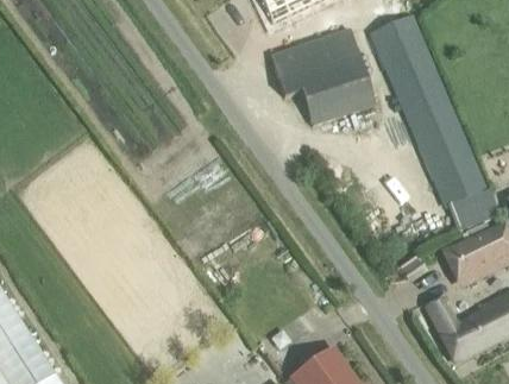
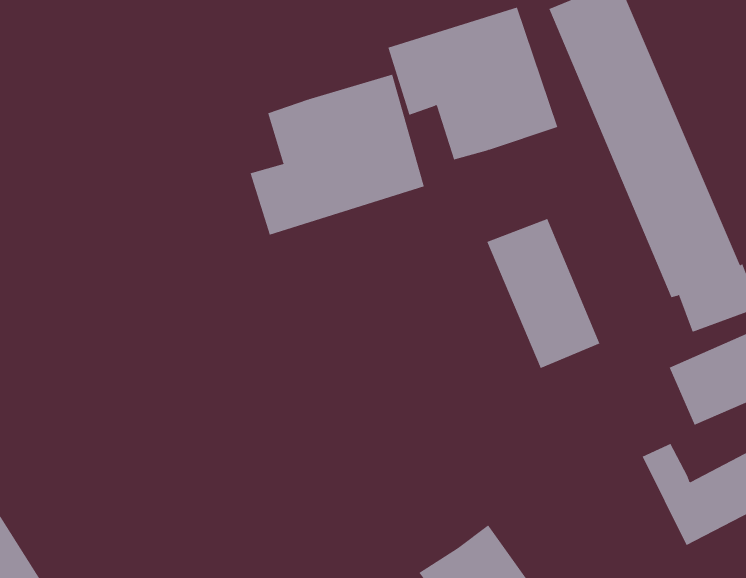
building: none -> [250,74,424,236]
building: none -> [486,218,600,369]

